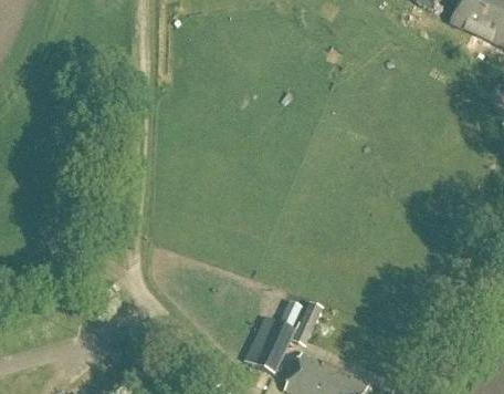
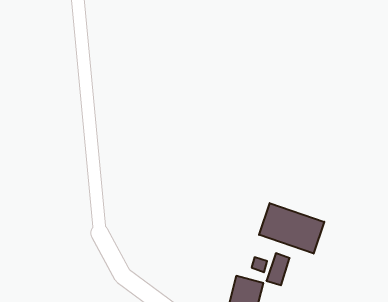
building: none -> [259,203,324,254]

